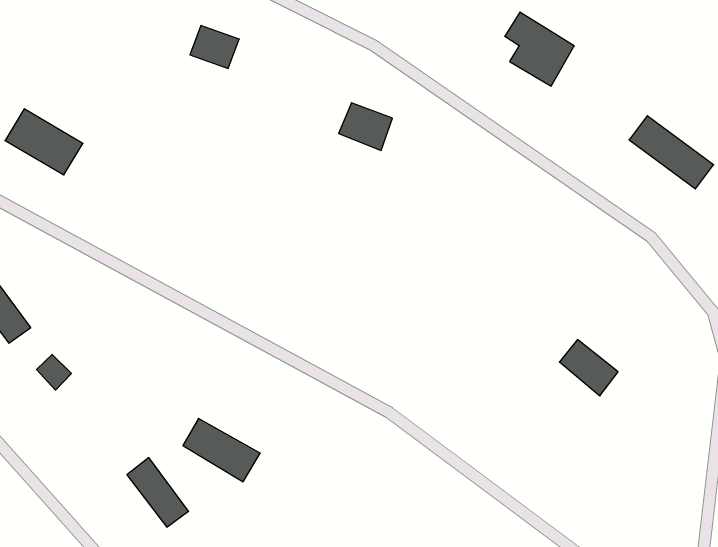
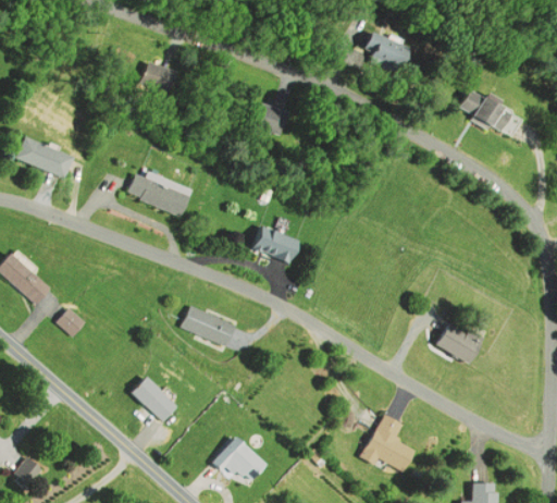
building: none -> [127,167,191,213]
building: none -> [255,224,299,260]
building: [559,340,618,396] -> [437,323,480,361]
building: [183,418,260,482] -> [181,305,236,346]

